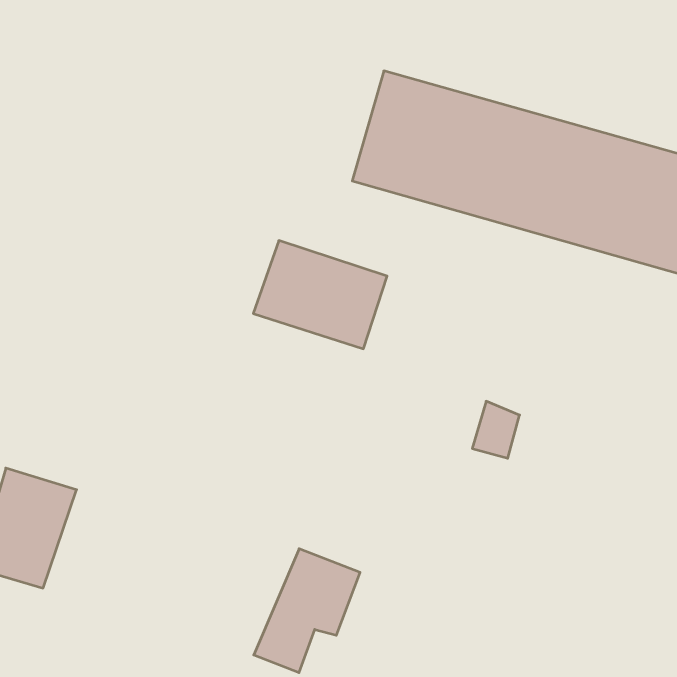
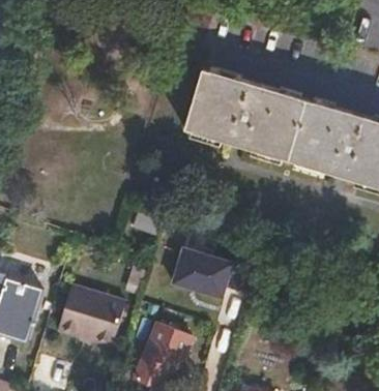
building: [253,241,387,349] -> [175,242,245,299]
building: none -> [57,287,126,349]

